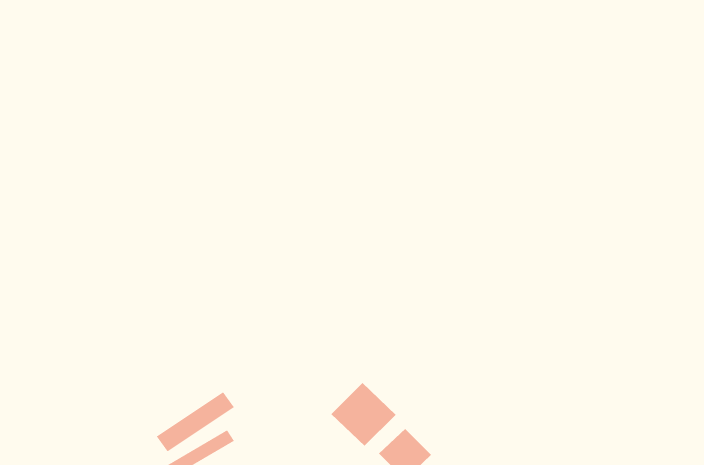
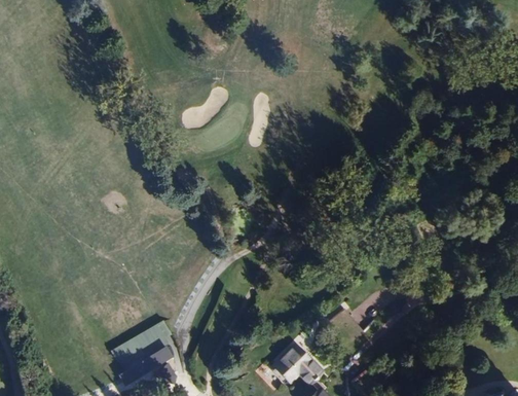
building: [331,382,396,447] -> none

